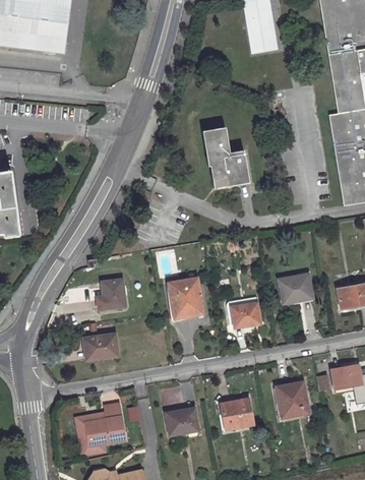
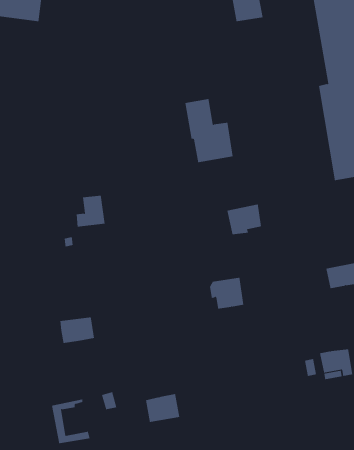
building: [278,273,311,302] -> [227,204,262,235]
building: [168,277,202,317] -> none
building: [97,279,125,309] -> [76,195,106,227]
building: [277,381,308,417] -> none
building: [220,398,253,428] -> none
building: [85,403,126,446] -> none

